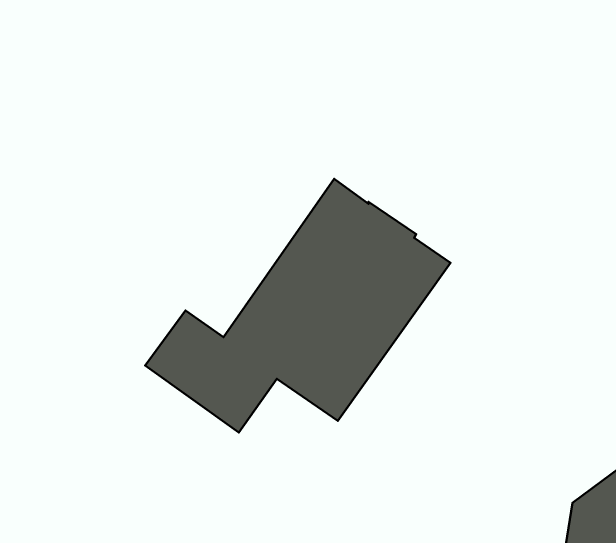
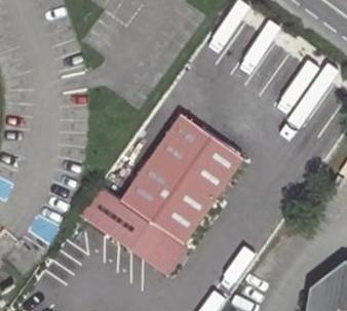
building: none -> [130,222,187,276]

